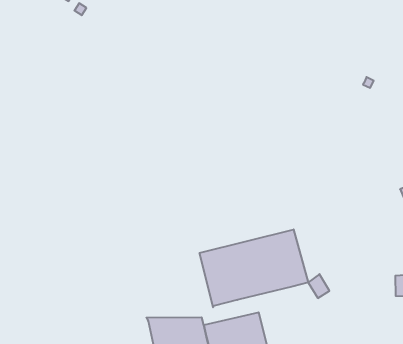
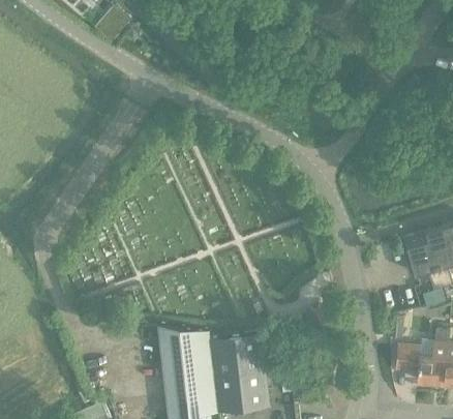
building: [200,229,308,307] -> none

